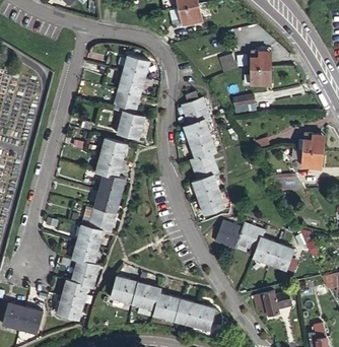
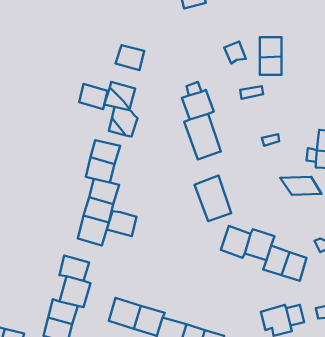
building: [119,74,144,96] -> [79,84,108,109]
building: [192,153,219,180] -> none
building: [77,228,104,251] -> [107,211,136,236]

